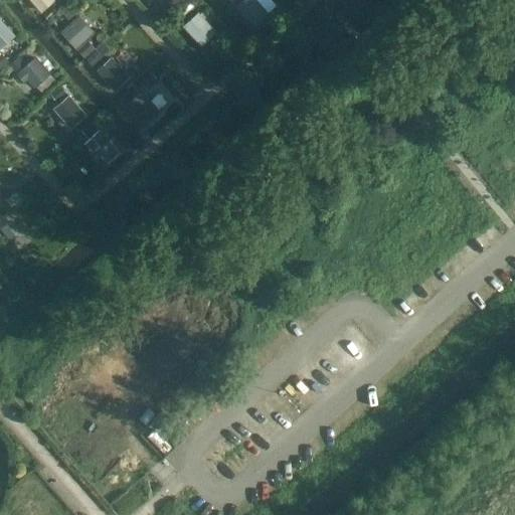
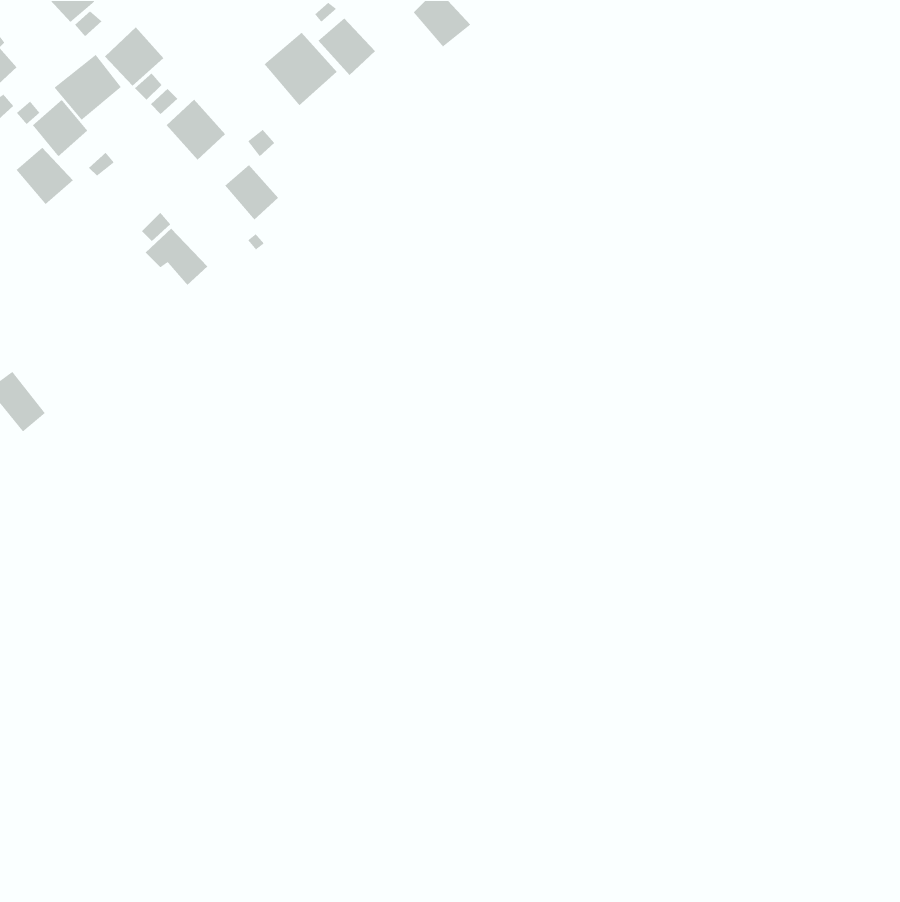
building: none -> [263,32,338,106]
building: none -> [54,54,122,121]
building: [53,94,87,127] -> [16,147,74,205]

